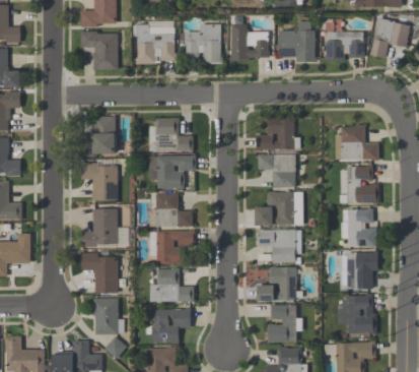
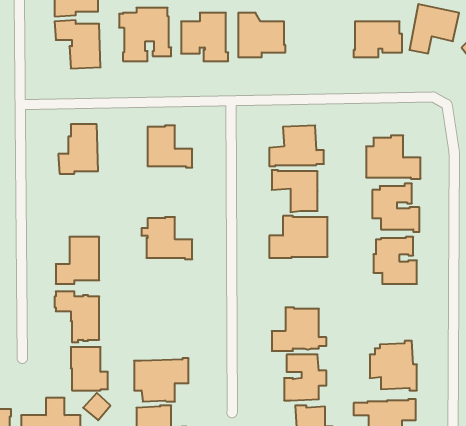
building: [278,20,317,62] -> none
building: [149,154,195,189] -> none
building: [80,163,117,200] -> none
building: [258,229,301,263] -> none
building: [156,230,195,264] -> none
building: [342,251,378,290] -> none
building: [149,268,194,302] -> none

